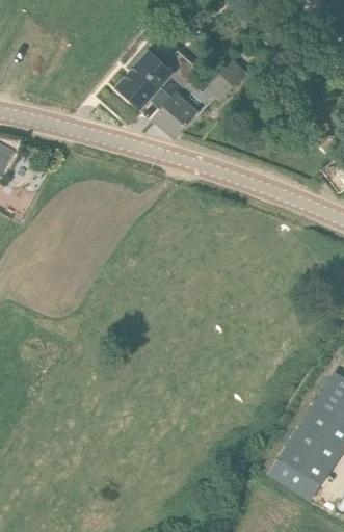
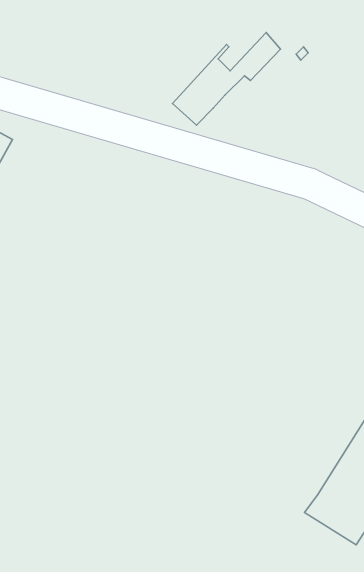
building: [116,50,200,119] -> none

